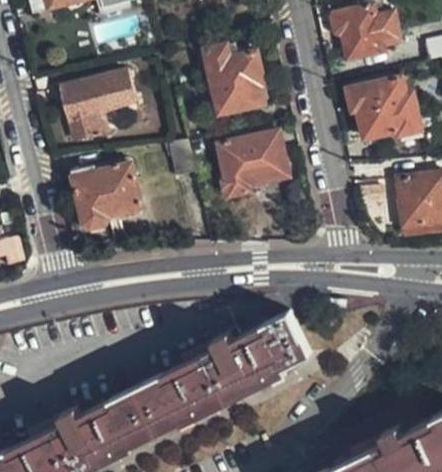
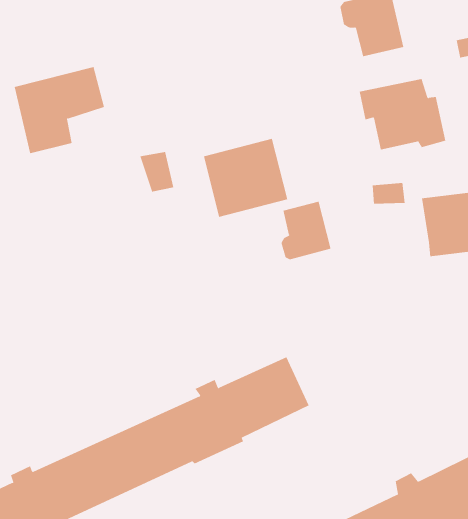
building: [205,47,265,113] -> none
building: [73,160,145,225] -> none
building: none -> [281,201,331,260]

